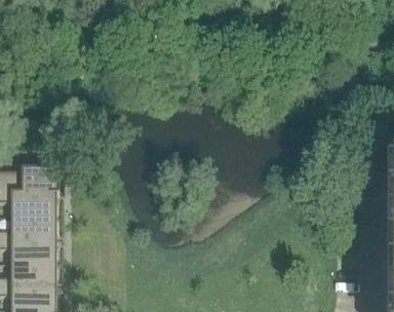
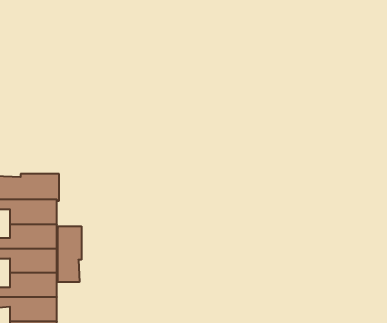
building: none -> [57,226,81,282]

